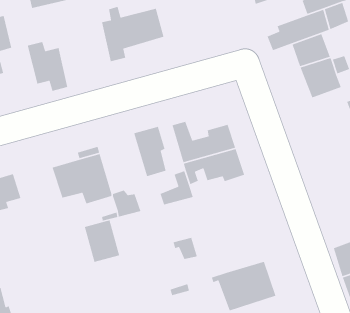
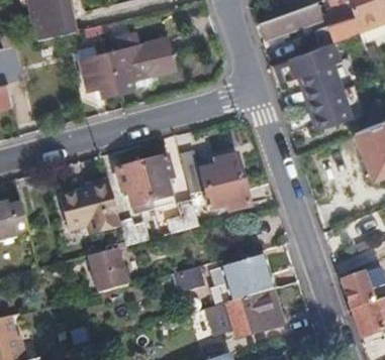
building: [27,41,68,92] -> [77,47,118,98]
building: none -> [116,164,155,211]
building: none -> [224,259,273,304]

